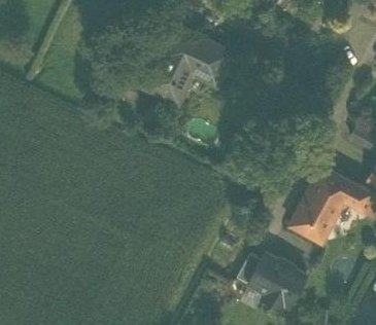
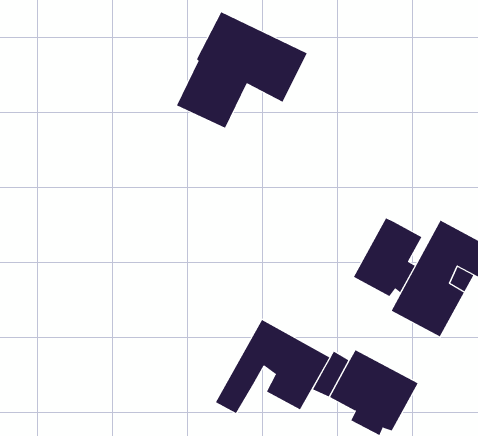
building: none -> [353,217,422,297]
building: none -> [215,319,330,414]

